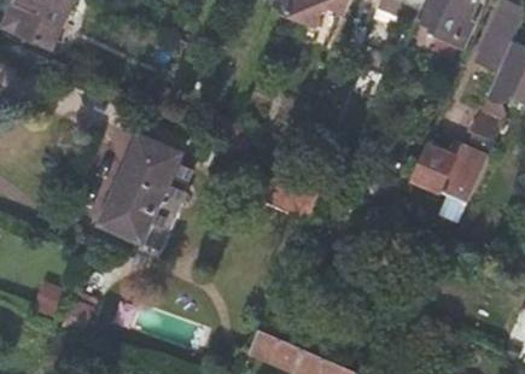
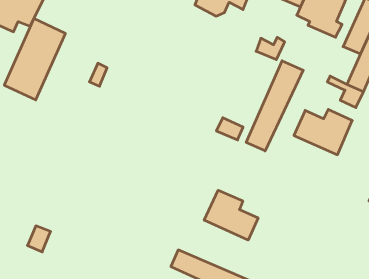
building: none -> [246,61,303,151]
building: [99,136,179,242] -> [4,19,65,100]
building: none -> [204,190,258,240]

